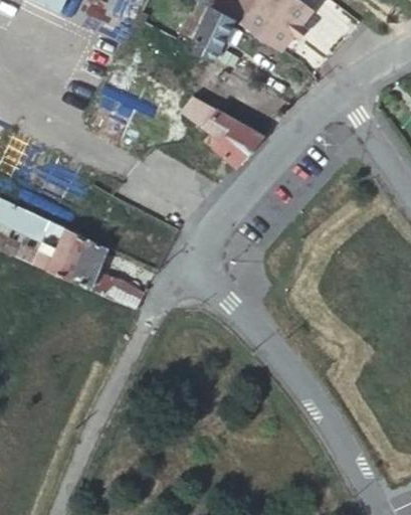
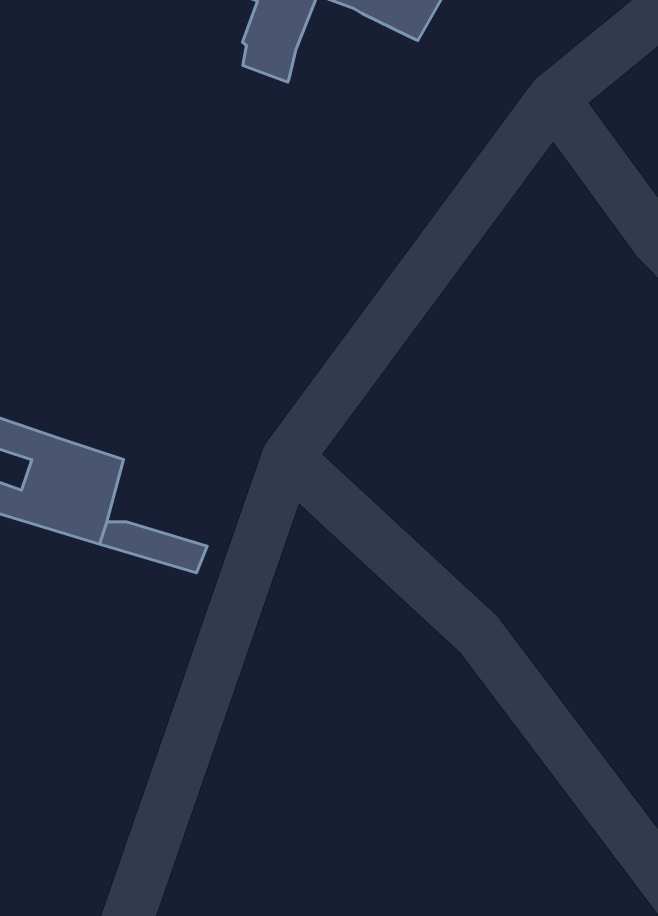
building: [181,96,264,167] -> none

